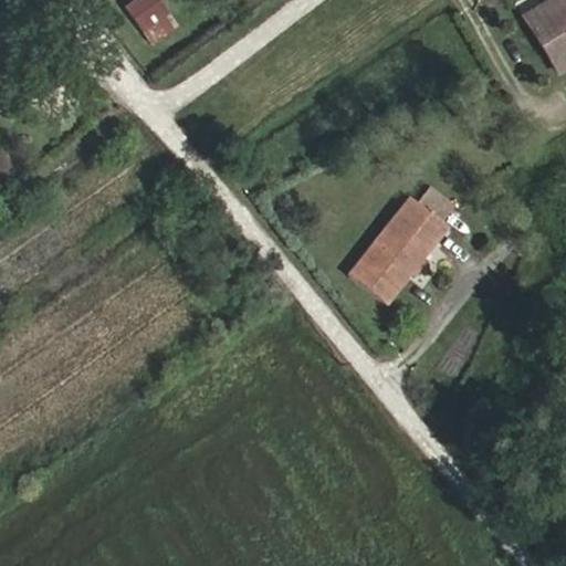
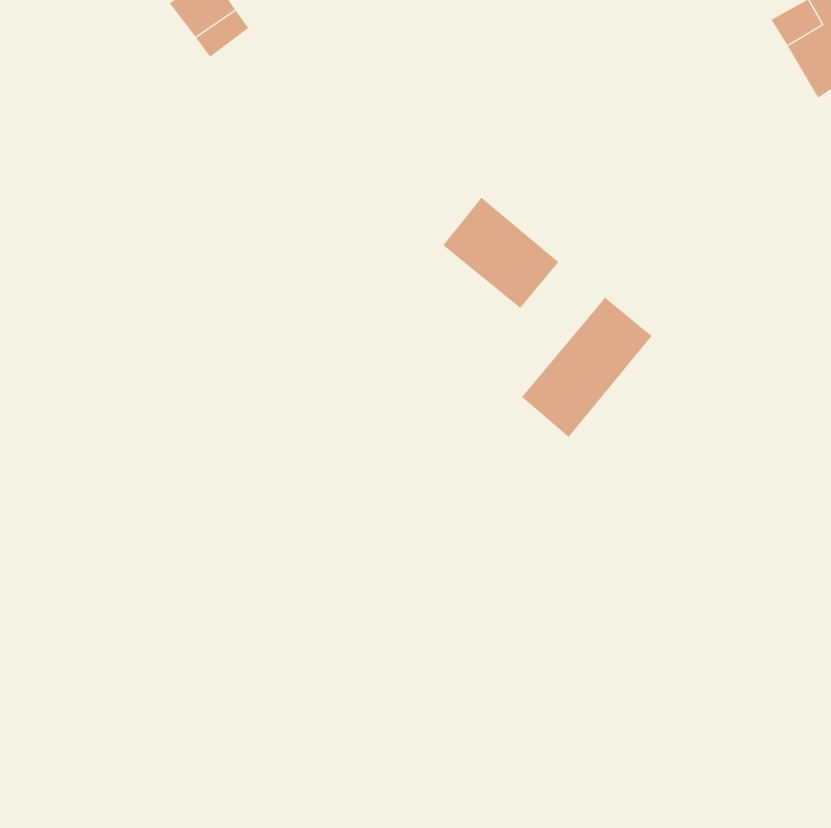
building: none -> [442,197,559,309]

